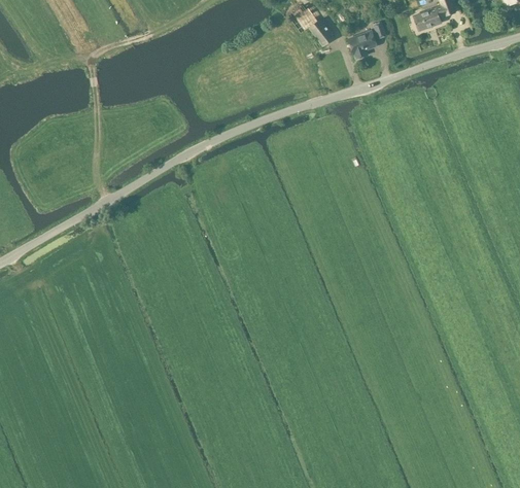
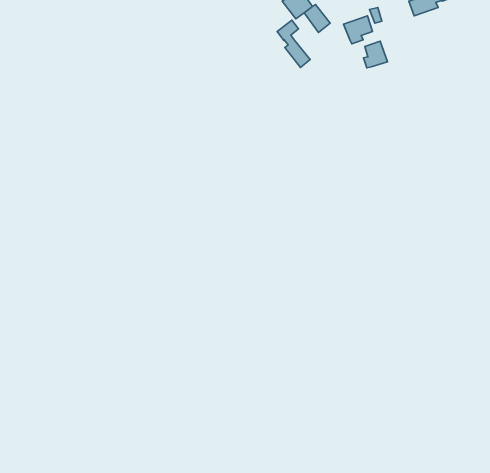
building: none -> [277,20,310,67]
building: none -> [363,41,387,68]

